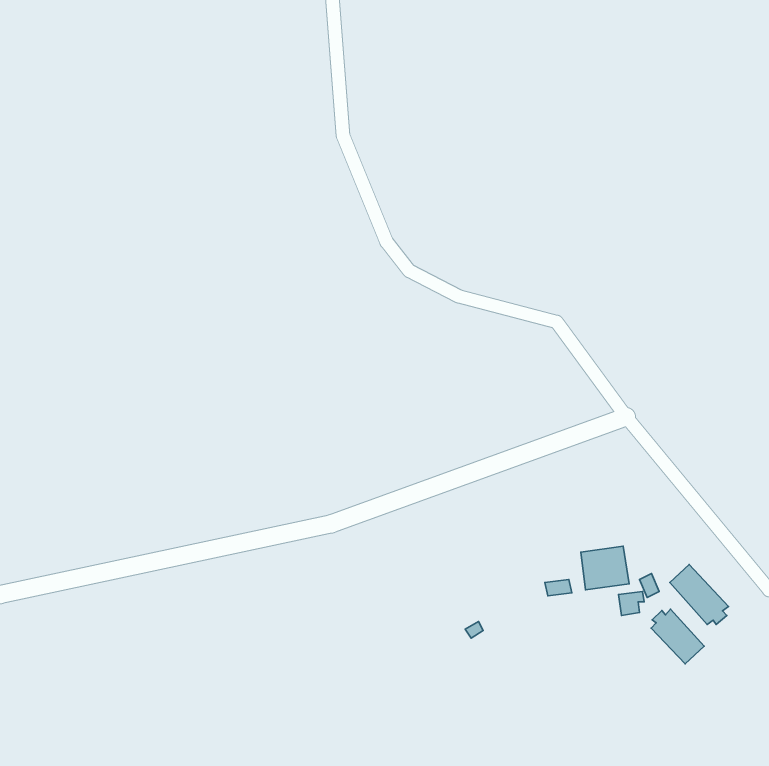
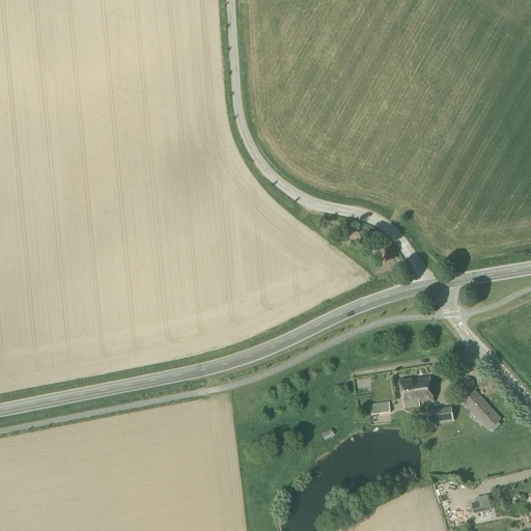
building: [651,609,704,664] -> none

